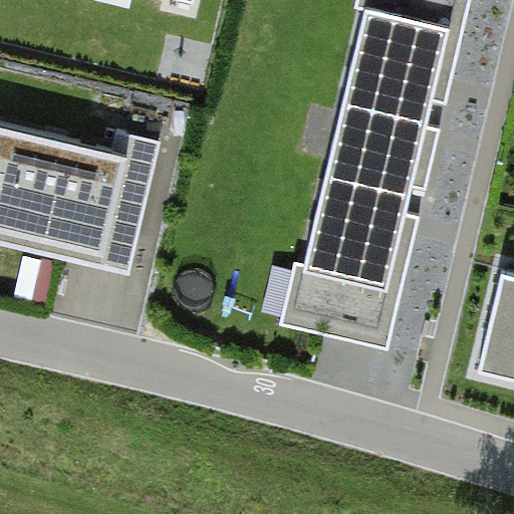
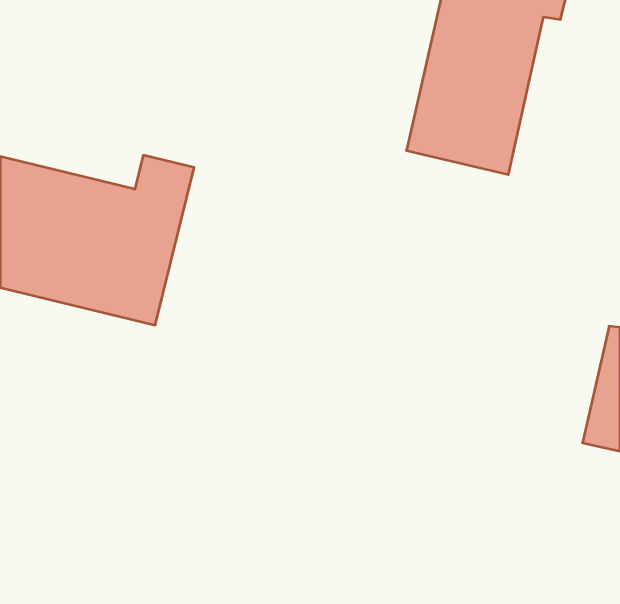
building: [291,124,421,334] -> none

